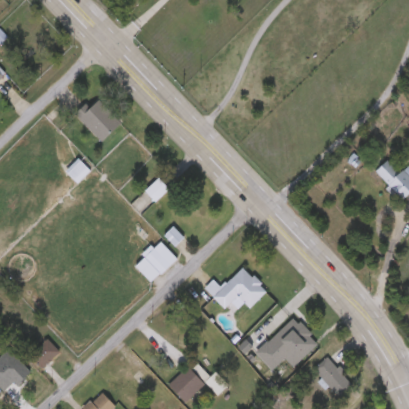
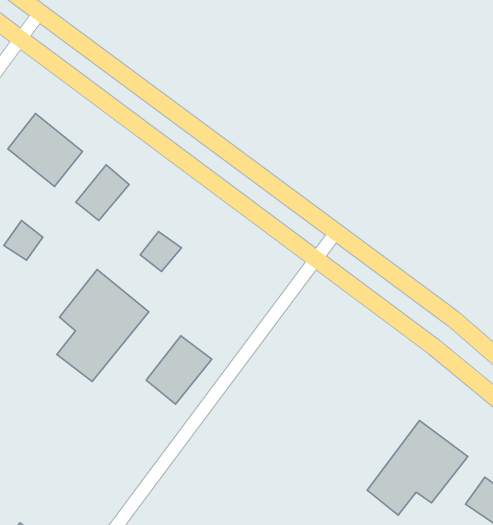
building: none -> [76,165,129,221]
building: none -> [57,269,149,382]
building: [204,266,267,308] -> none

